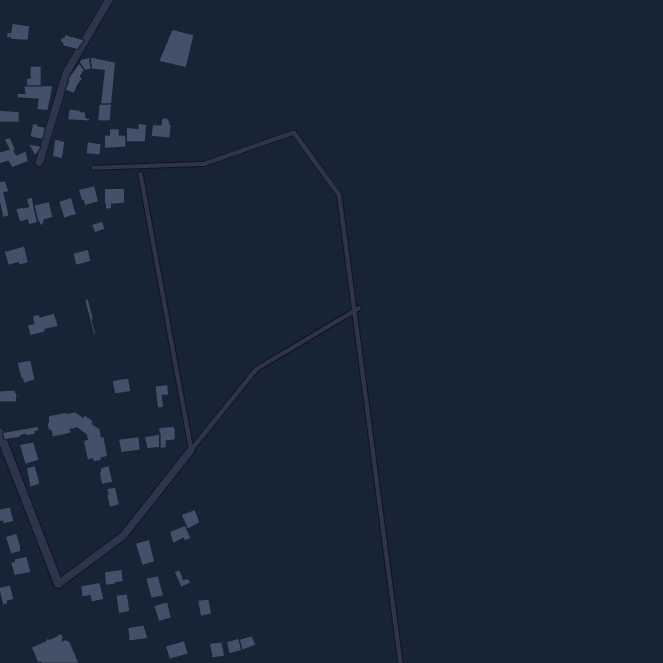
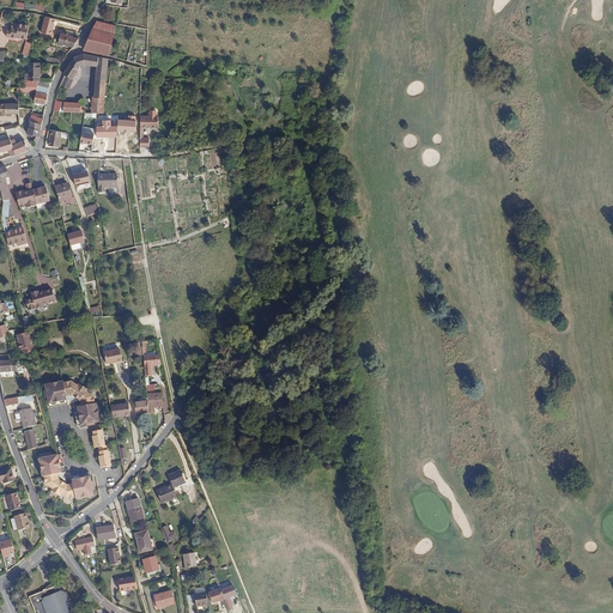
building: [159,29,194,68] -> [83,19,115,55]
building: none -> [37,453,93,498]

